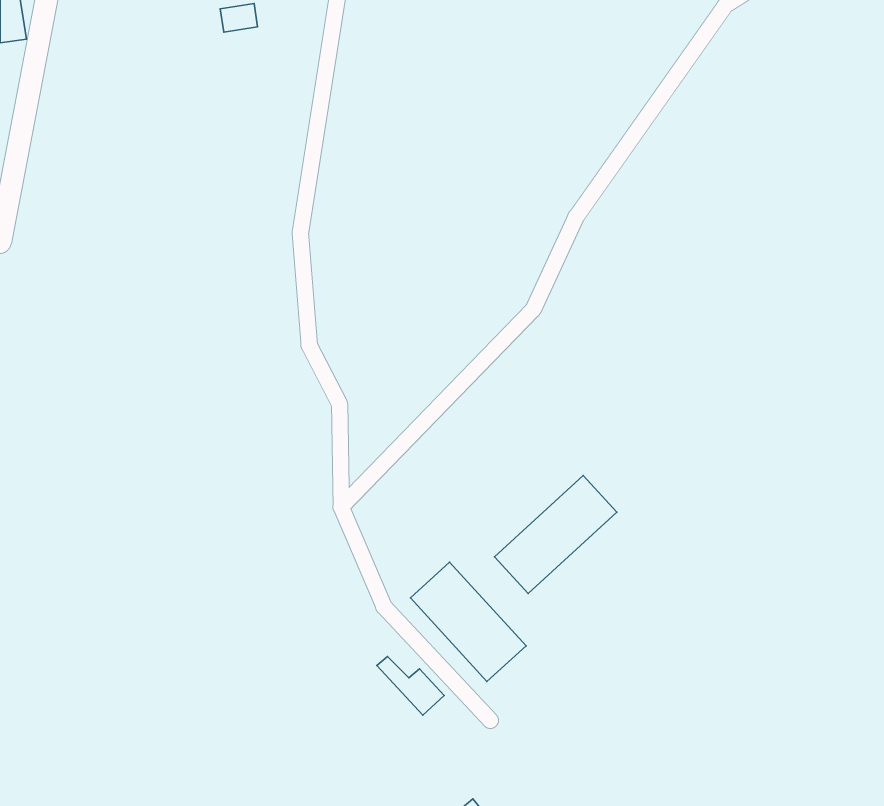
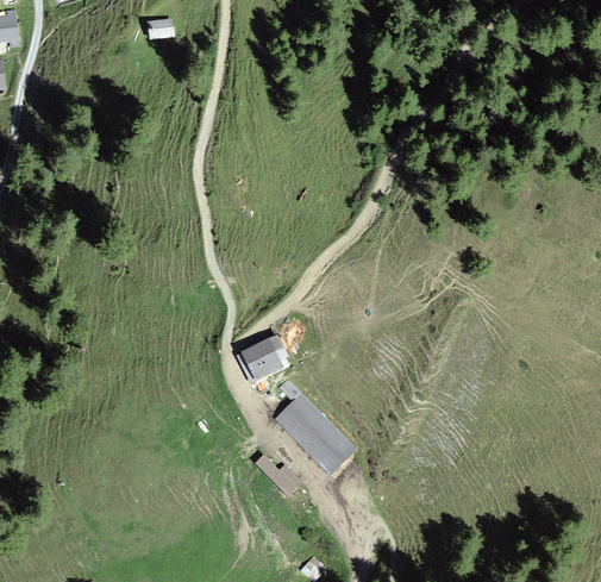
building: [494,476,617,593] -> none
building: none -> [240,336,284,378]

